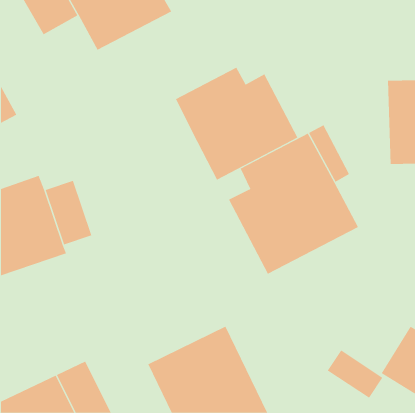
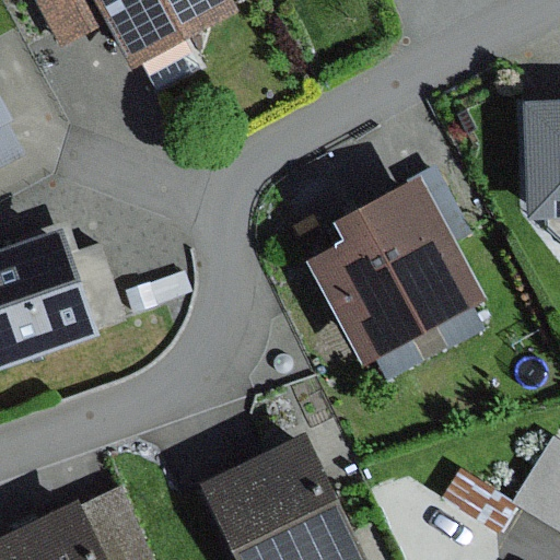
building: [175,67,298,181] -> none

